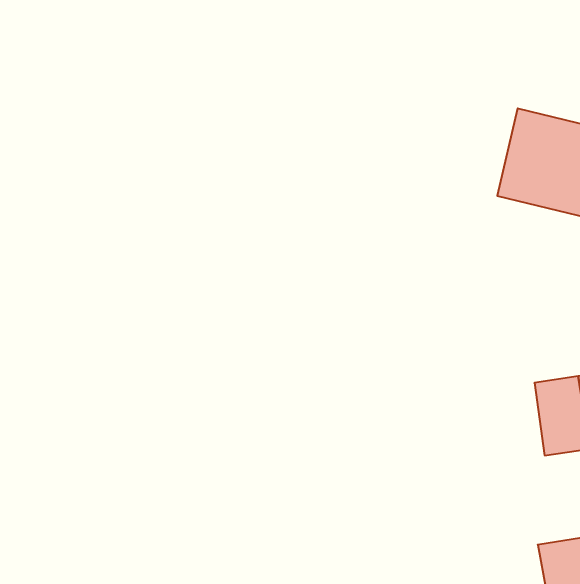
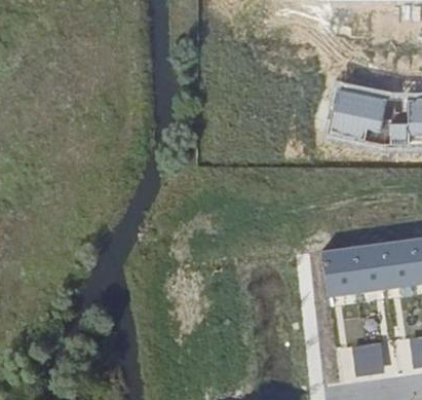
building: none -> [322,249,358,297]

